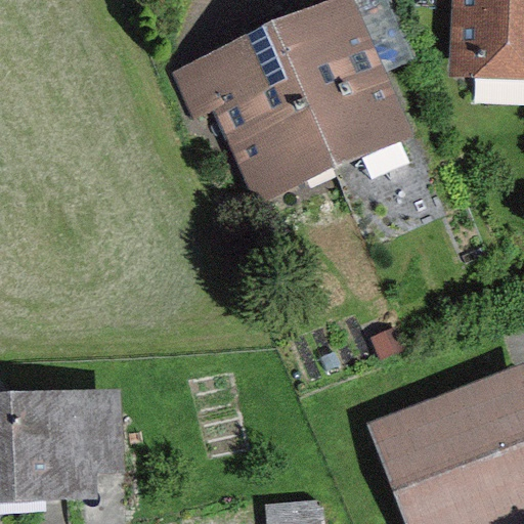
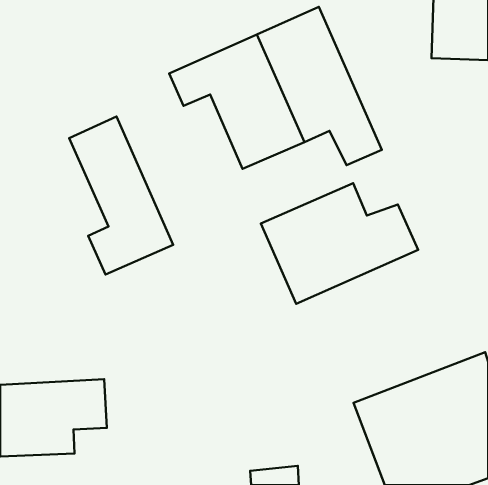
building: none -> [69,116,173,275]
building: none -> [261,183,418,304]

